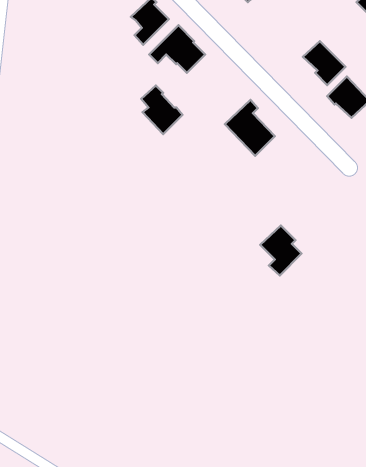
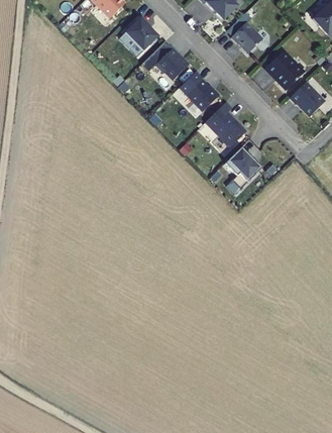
building: none -> [231,23,262,53]
building: [141,85,183,134] -> [184,71,218,111]
building: [260,225,302,275] -> [223,146,257,188]

